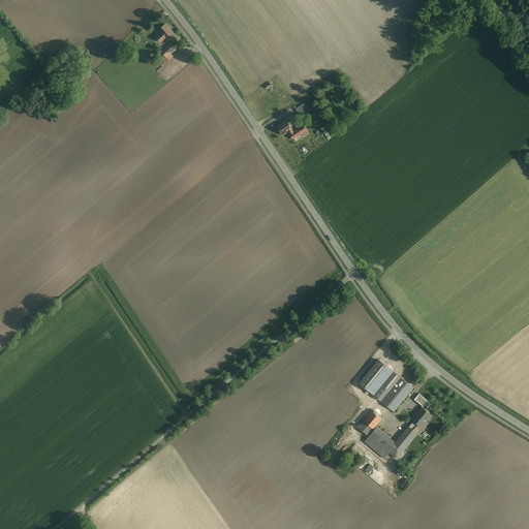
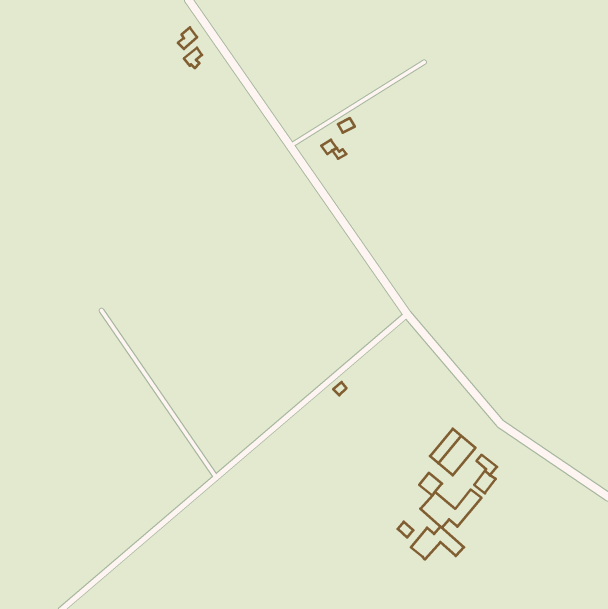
building: [356,360,392,396] -> none
building: none -> [411,526,464,559]

